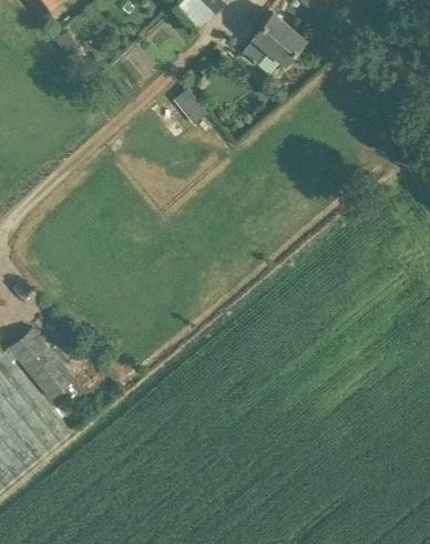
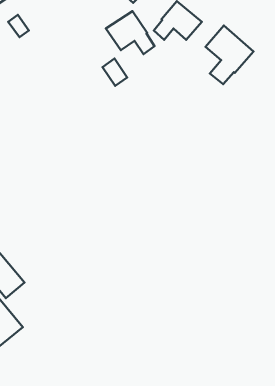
building: none -> [106,11,155,54]
building: none -> [205,25,253,84]

